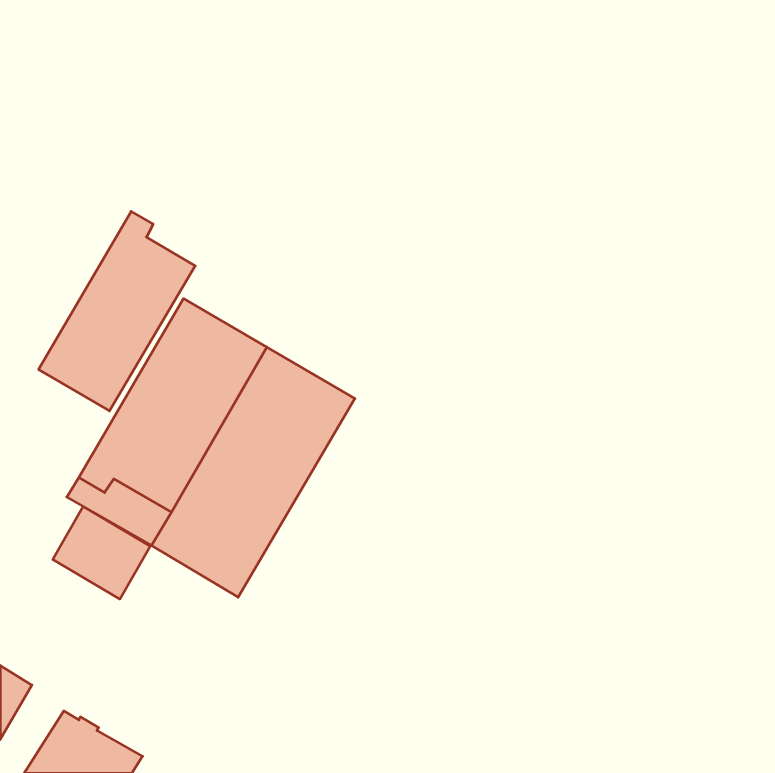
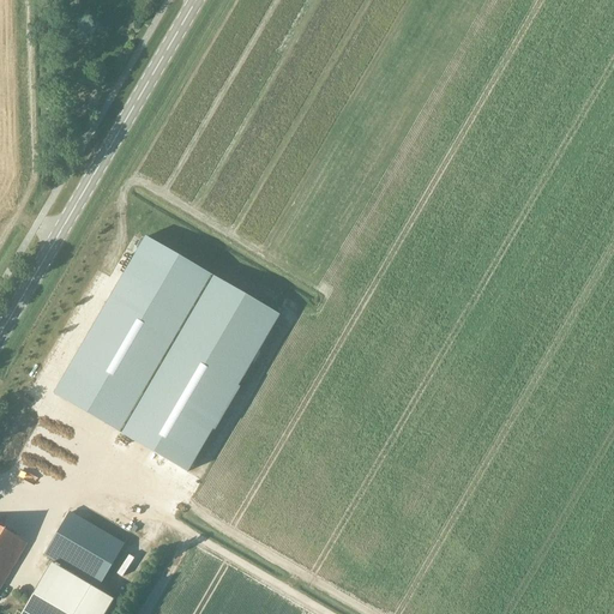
building: [39,211,195,411] -> none
building: [53,507,150,599] -> [44,511,121,584]

